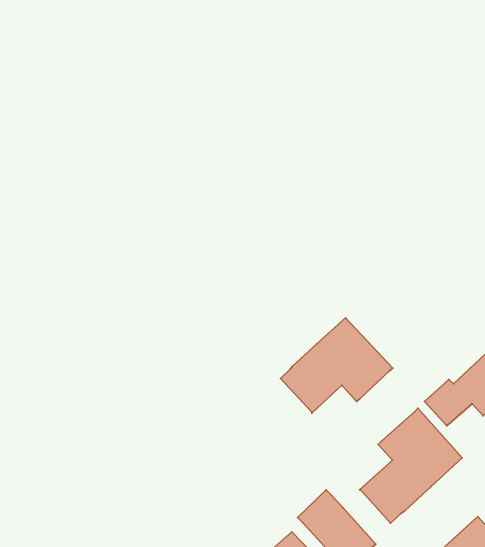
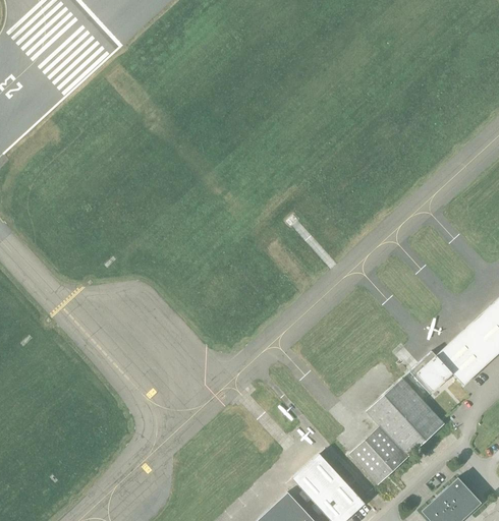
building: [280,318,393,413] -> none

